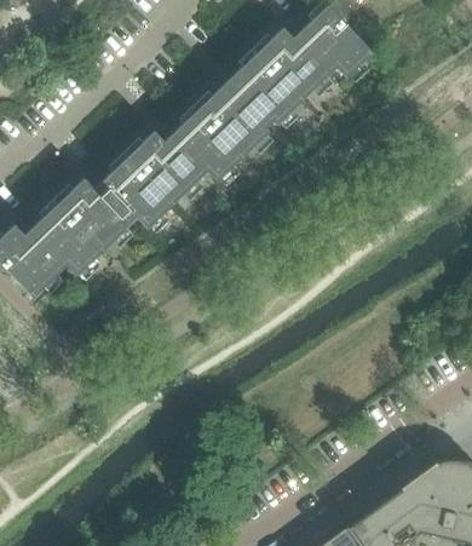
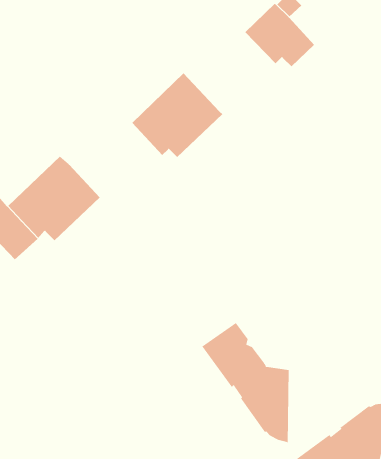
building: [223,27,327,127] -> none
building: [93,131,198,228] -> none
building: none -> [202,322,289,443]

